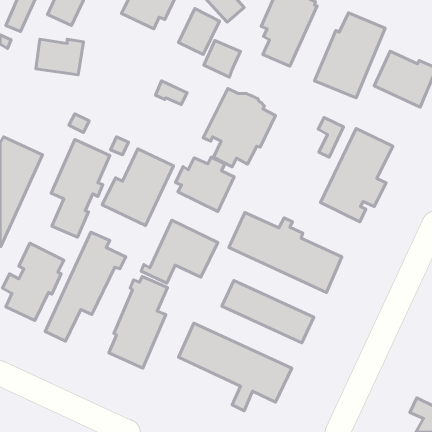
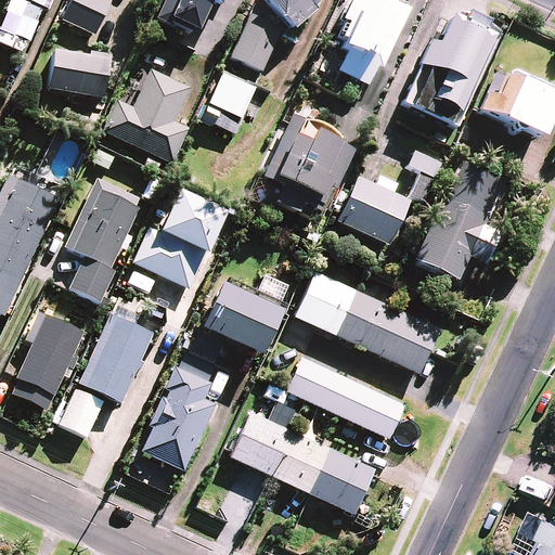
building: [204,41,240,77] -> [209,72,256,118]
building: none -> [103,68,190,170]
building: [175,157,234,212] -> [335,175,410,244]

